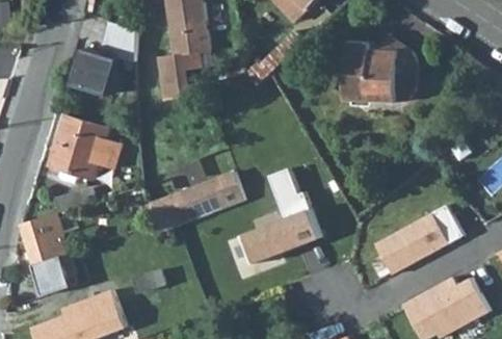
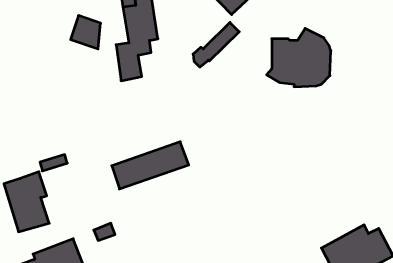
building: [73,47,118,94] -> none
building: [48,115,125,178] -> none
building: [248,172,323,264] -> none
building: [379,206,465,272] -> none

